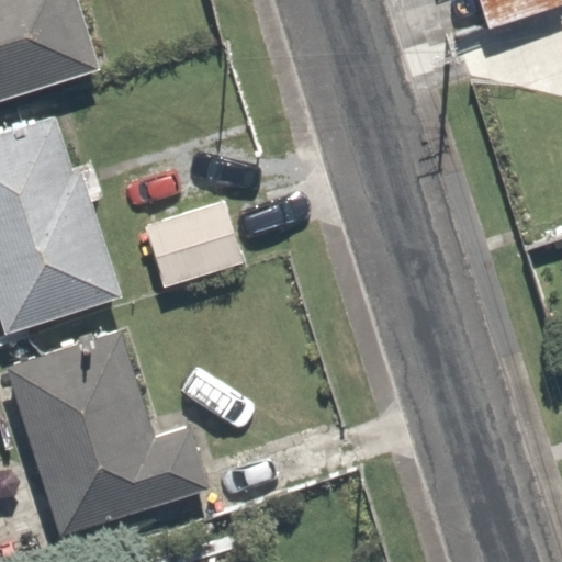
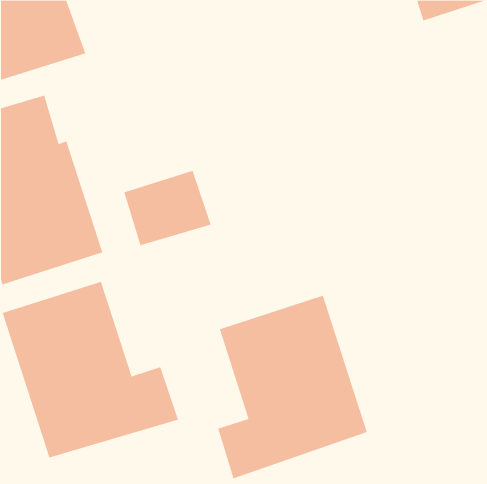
building: none -> [217,295,368,479]

